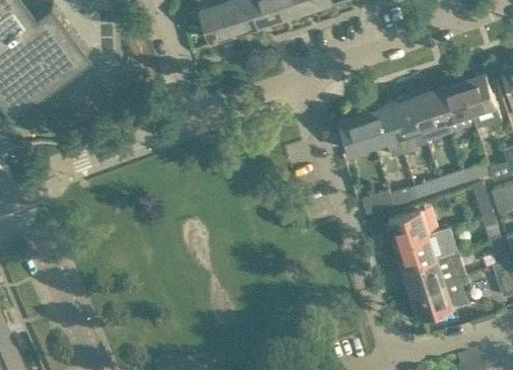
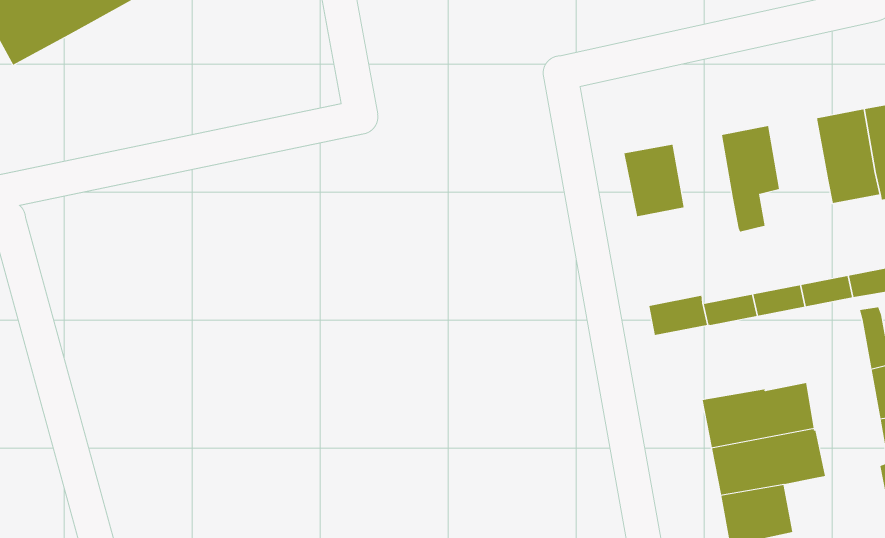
building: [415,88,453,140] -> none
building: [366,103,406,155] -> none
building: [390,208,431,243] -> none

